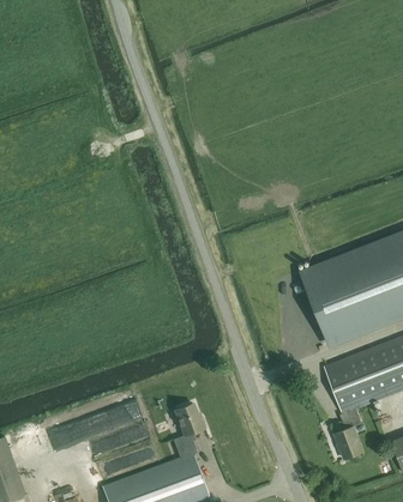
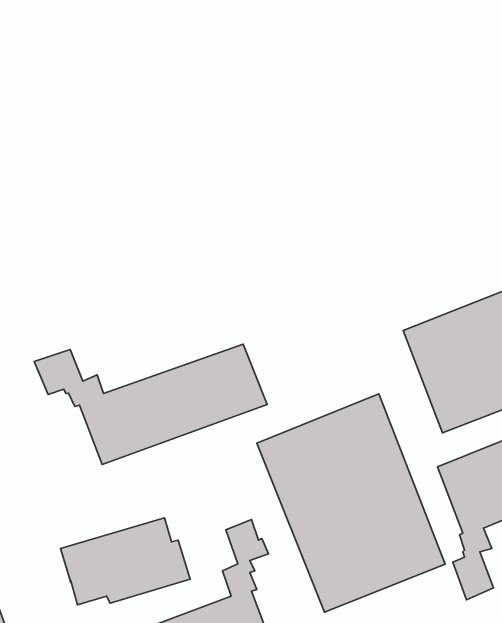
building: none -> [34,344,267,464]
building: none -> [257,394,445,612]

